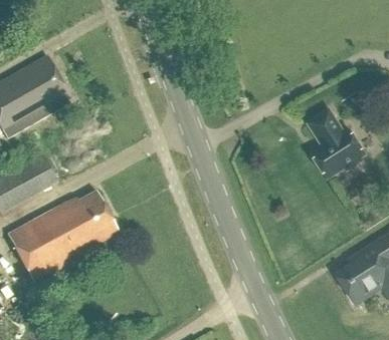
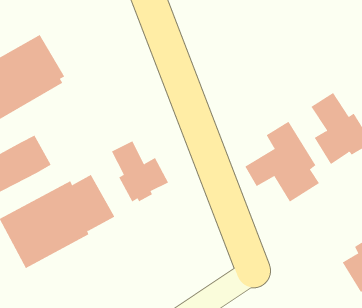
building: none -> [245,121,320,202]
building: none -> [111,140,169,203]

